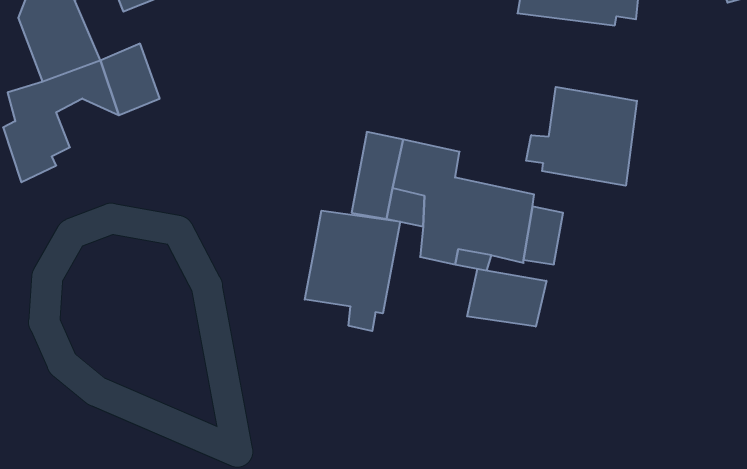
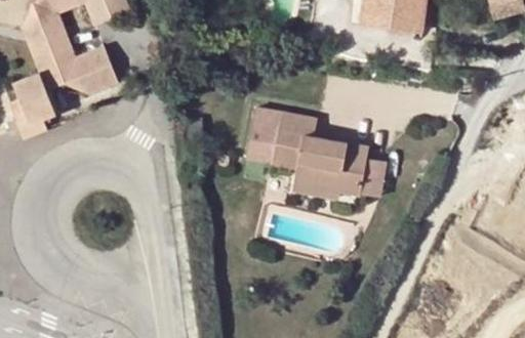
building: [526,87,637,186] -> none
building: [305,211,400,331] -> none
building: [467,269,546,327] -> none

